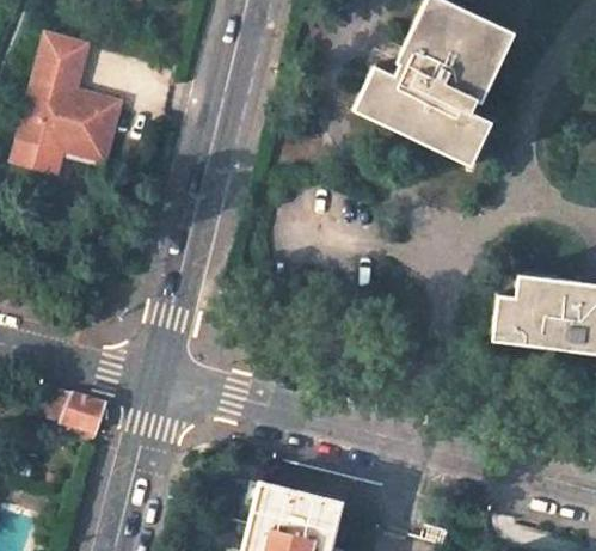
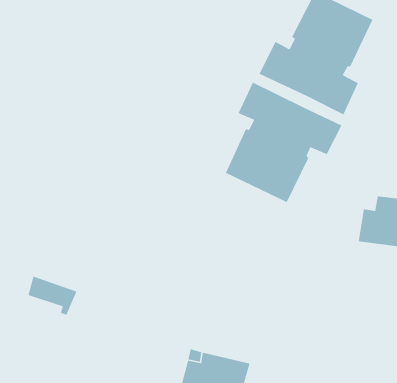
building: [18,35,119,170] -> none
building: none -> [225,81,343,203]

